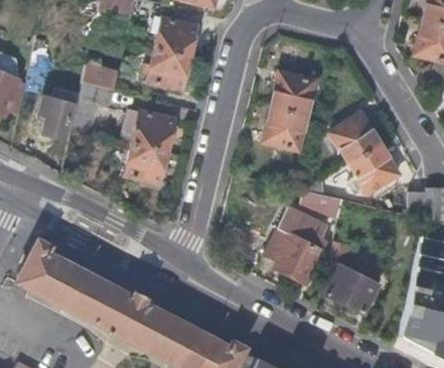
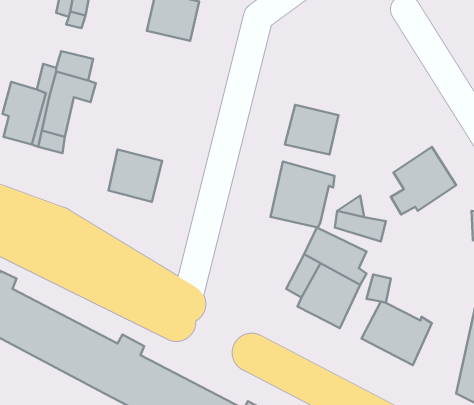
building: [147,49,189,90] -> none
building: [272,76,313,116] -> none
building: [121,107,174,152] -> none
building: [330,111,380,161] -> none
building: none -> [270,162,335,228]

